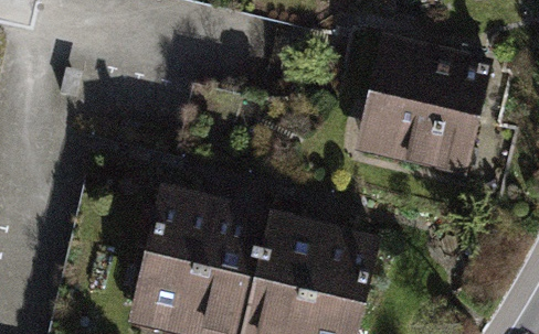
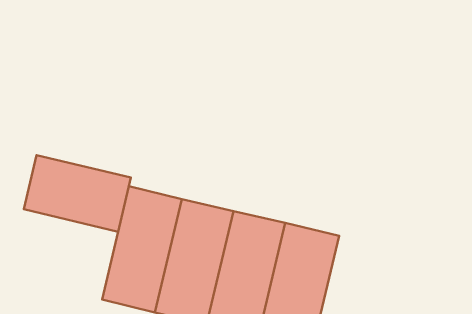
building: [368,53,485,179] -> none
building: none -> [24,155,131,232]

